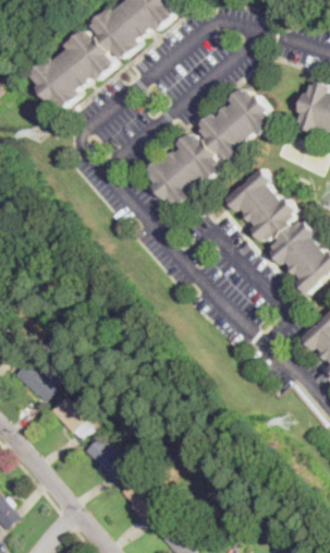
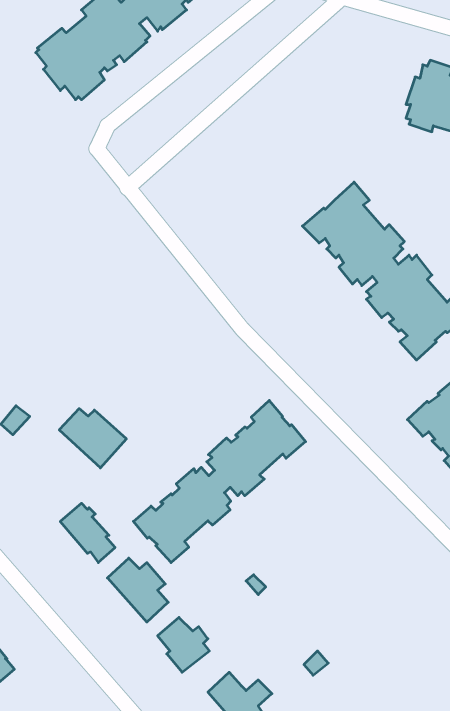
building: [144,87,271,205] -> none
building: none -> [133,400,306,563]
building: [13,360,61,402] -> [59,409,126,468]

